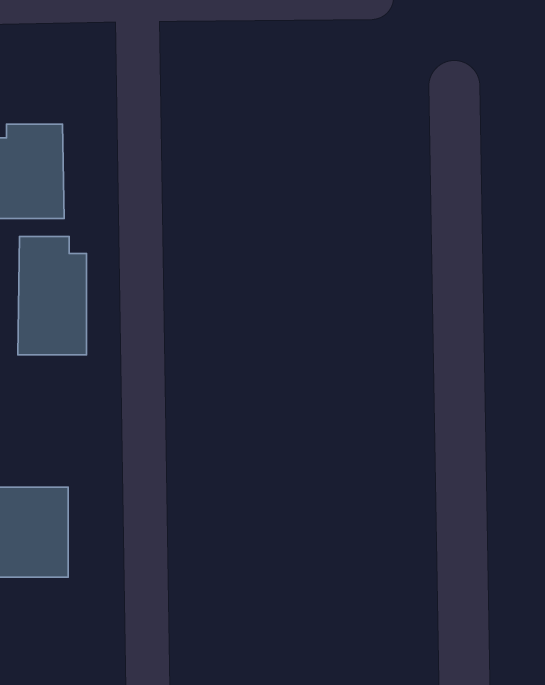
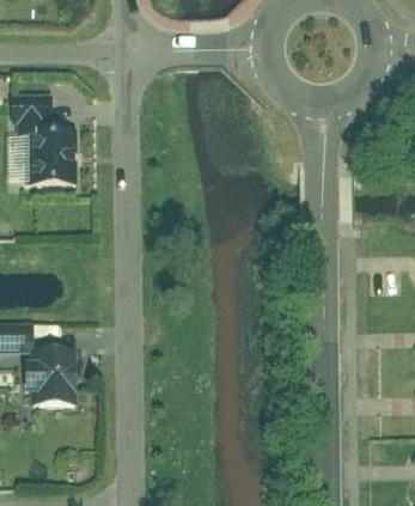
building: [18,236,86,355] -> none

